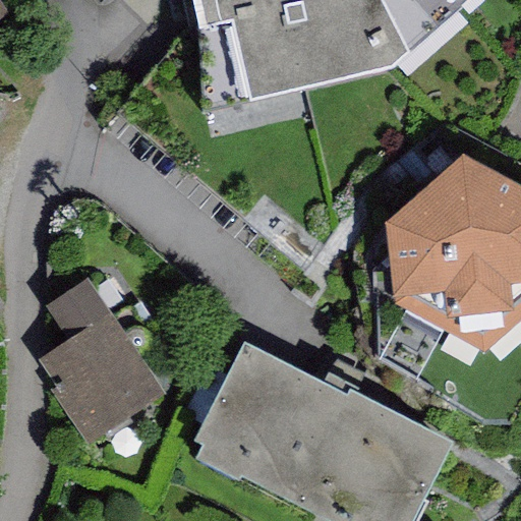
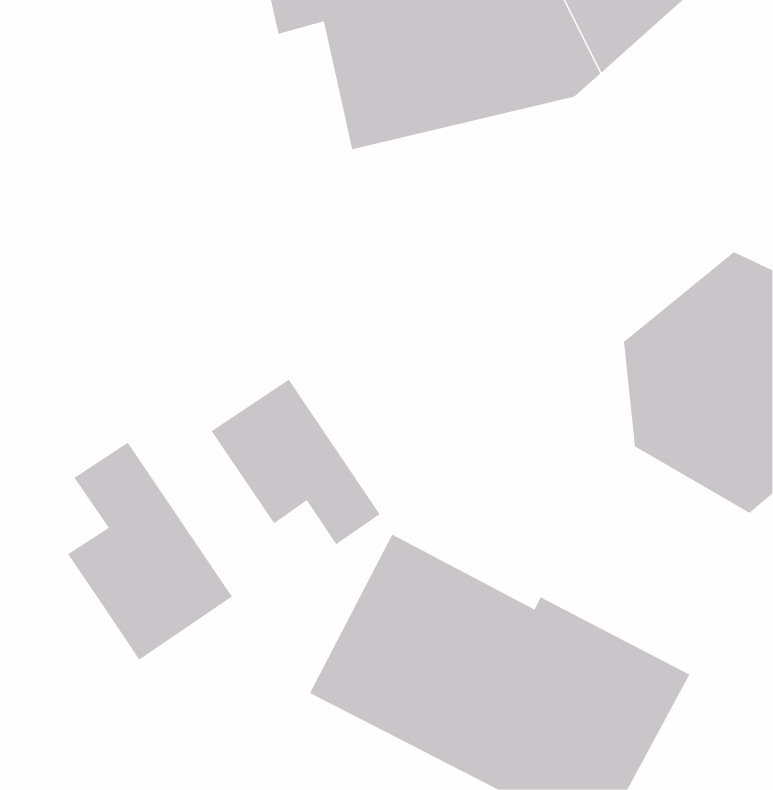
building: none -> [211,379,380,545]

